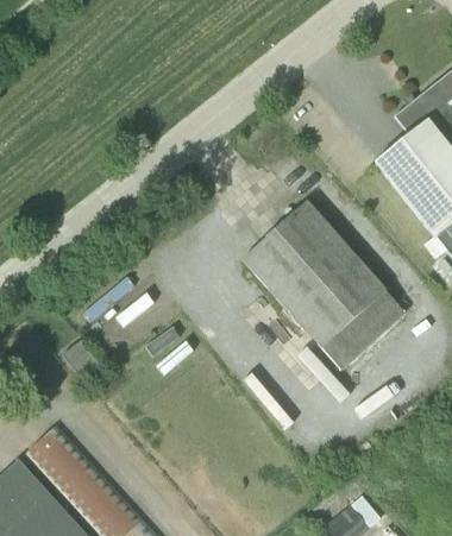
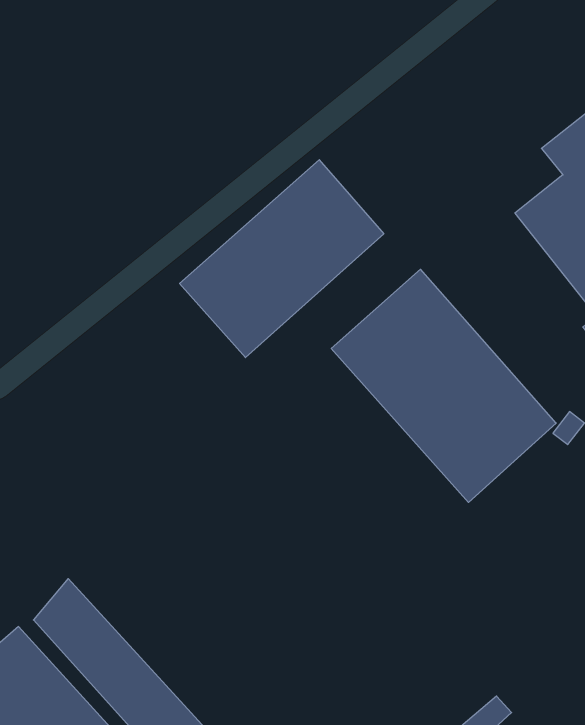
building: none -> [180,160,384,358]

